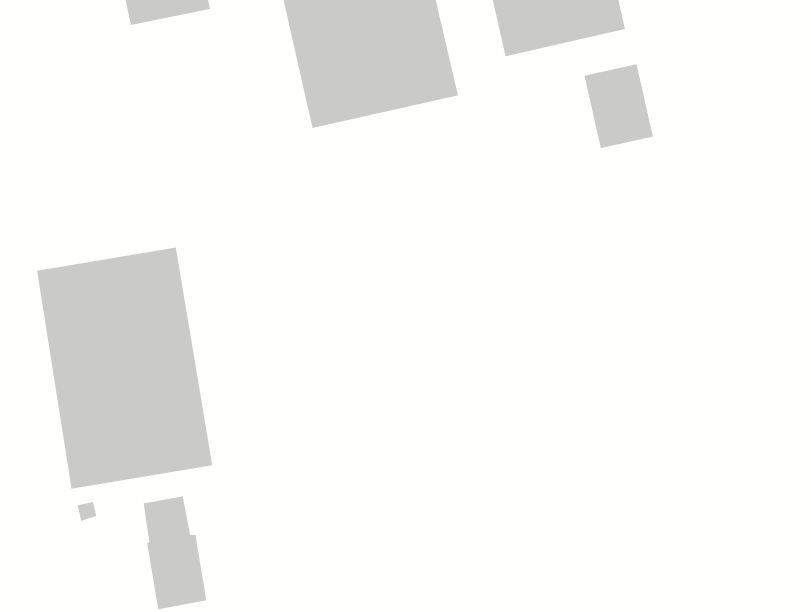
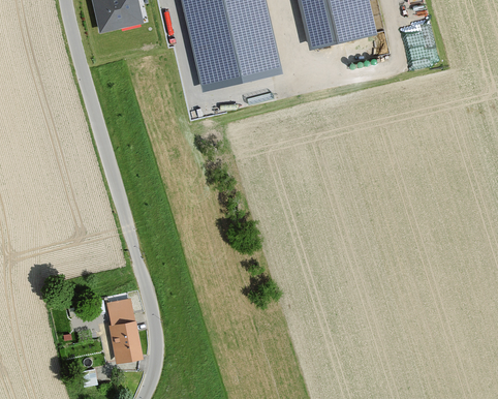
building: [584,64,653,149] -> none
building: [36,247,213,490] -> none

